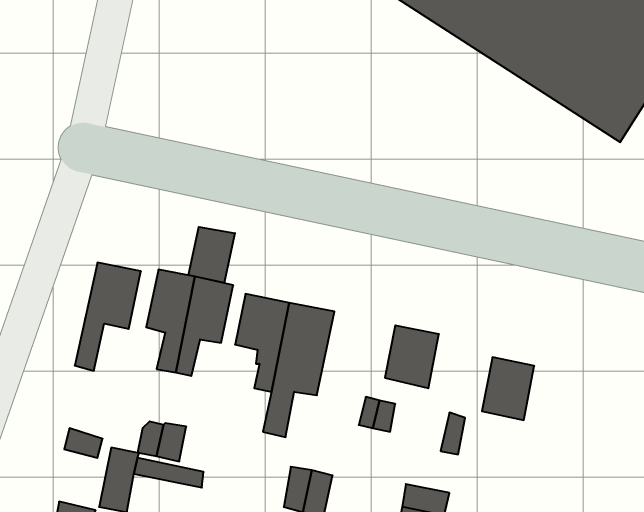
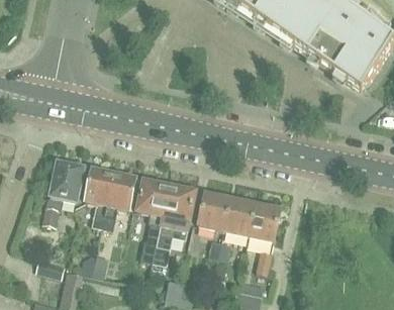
building: [188,227,235,283] -> none
building: none -> [198,191,230,227]
building: [482,357,534,420] -> [250,202,280,238]

